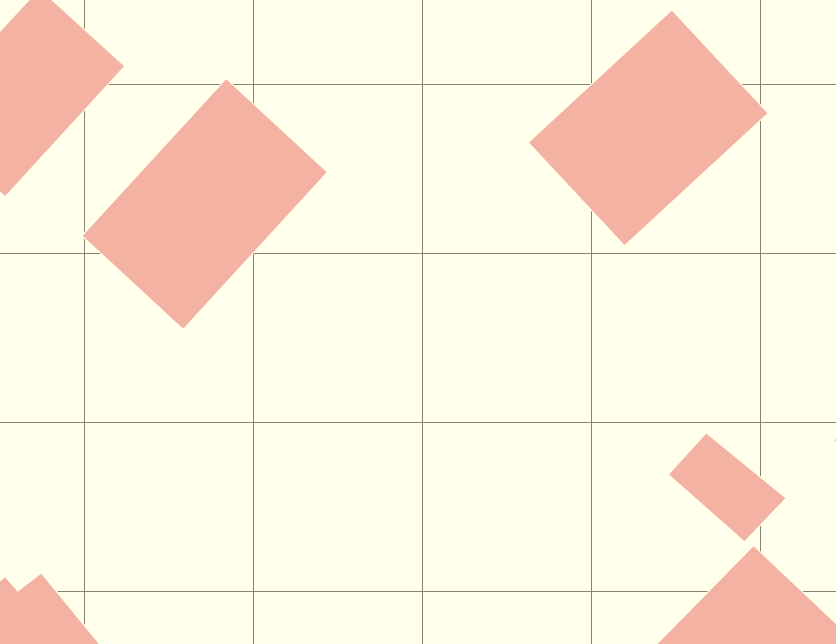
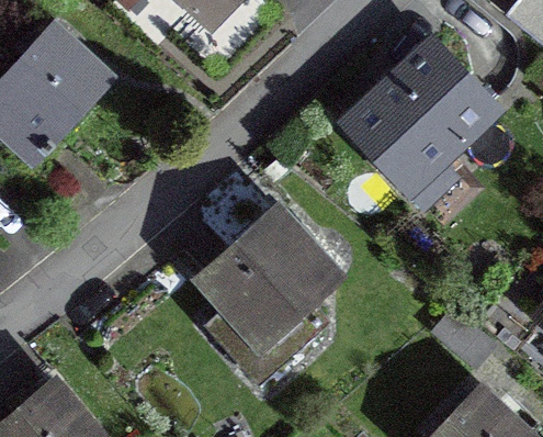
building: [82,79,327,329] -> none
building: none -> [204,215,330,382]

